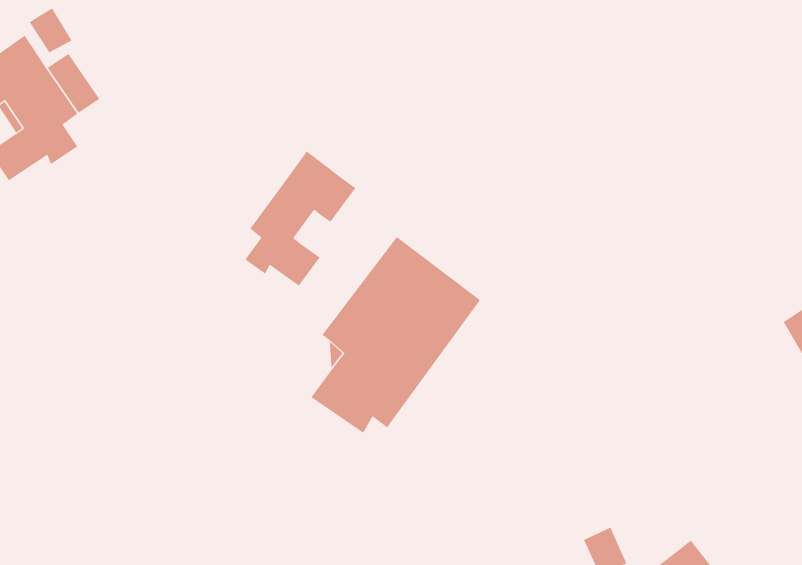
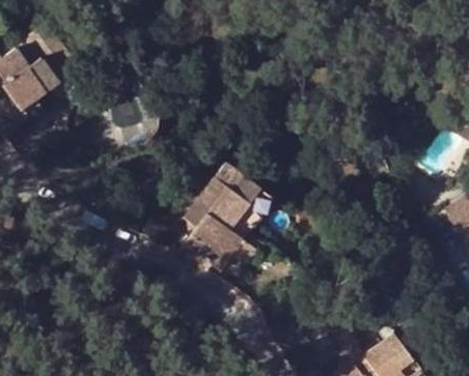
building: [245,150,356,287] -> none

